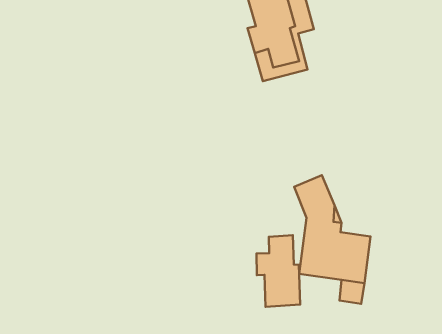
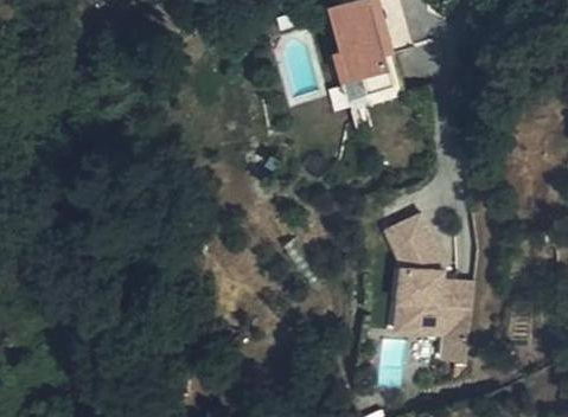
building: [256,235,300,307] -> none

